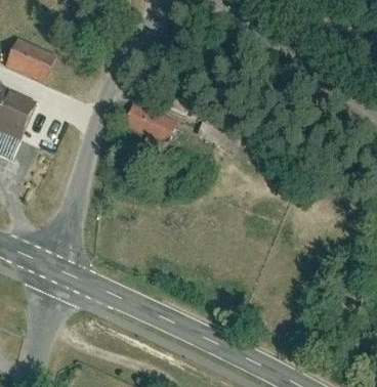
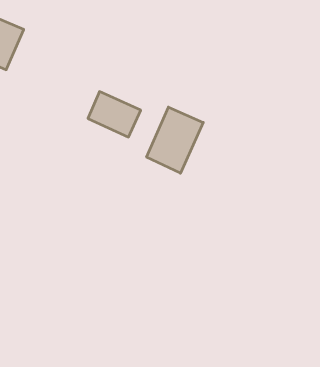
building: none -> [147,107,203,173]

